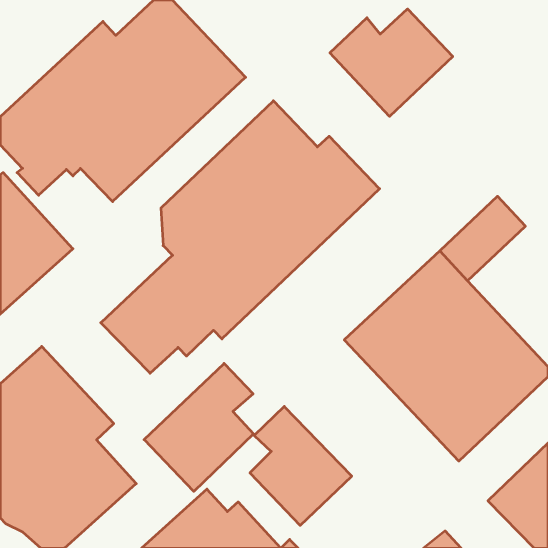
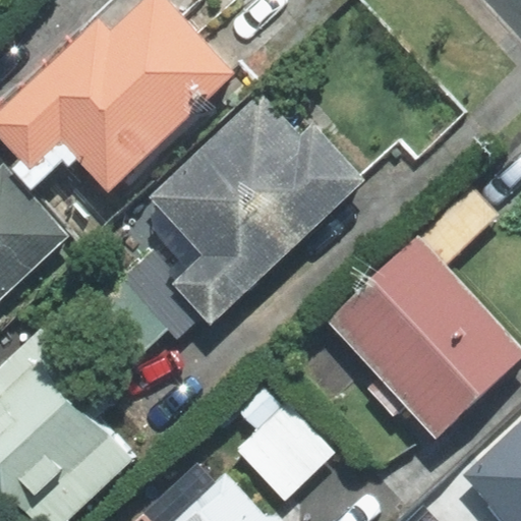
building: [330,9,453,116] -> none
building: [144,363,254,491] -> none

